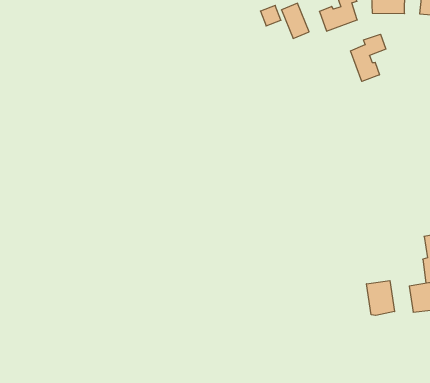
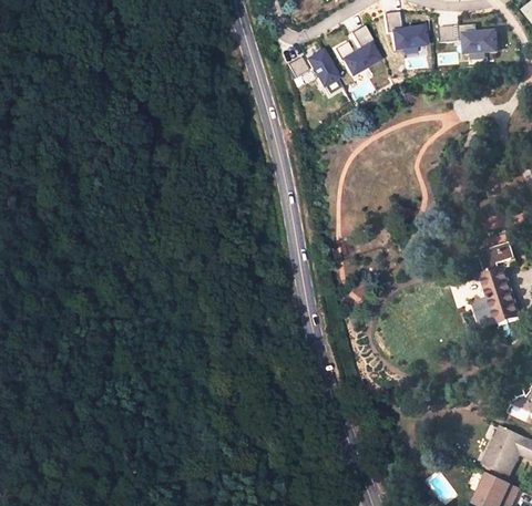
building: [350,34,386,81] -> none
building: [367,281,395,315] -> none

